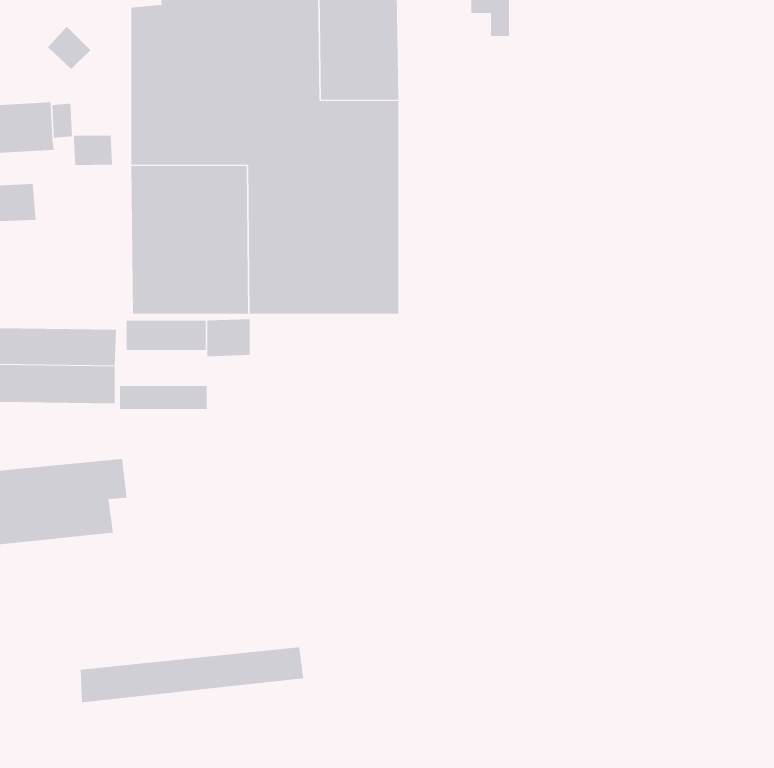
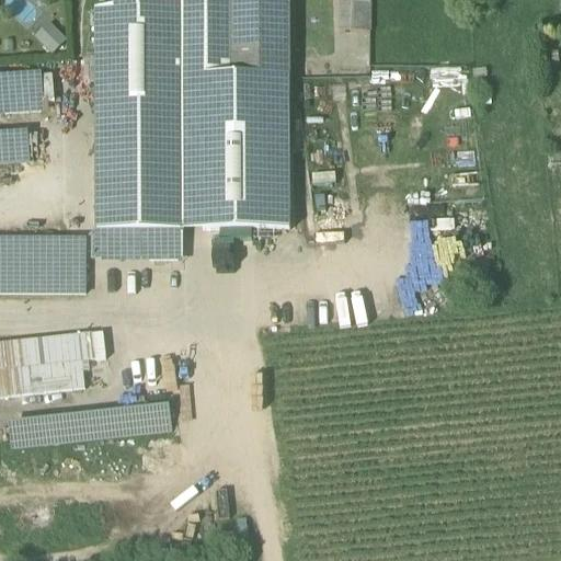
building: [73,135,113,166] -> none
building: [120,385,207,410] -> none
building: [80,647,304,703] -> [9,407,171,447]

